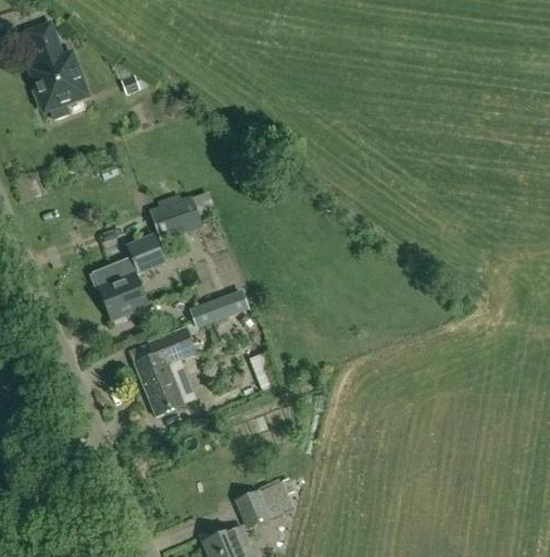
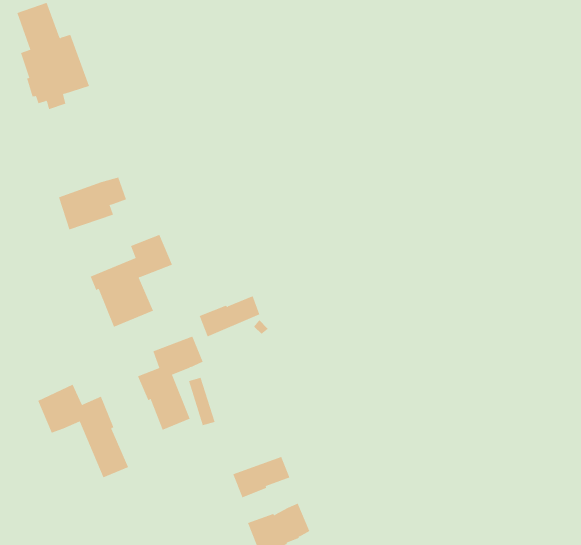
building: [151,191,214,240] -> [58,177,127,230]
building: none -> [37,384,129,478]
building: none -> [232,456,290,498]

